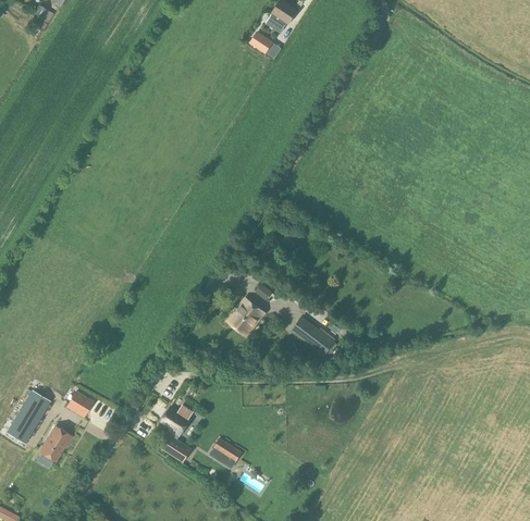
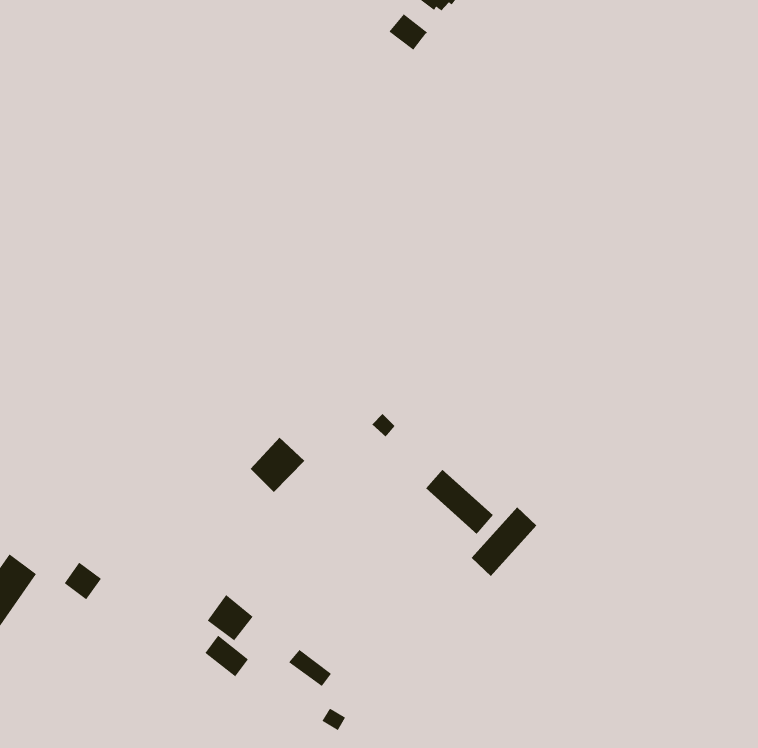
building: [229,299,263,335] -> [250,437,305,493]
building: none -> [471,507,537,577]
building: [40,426,73,461] -> none

